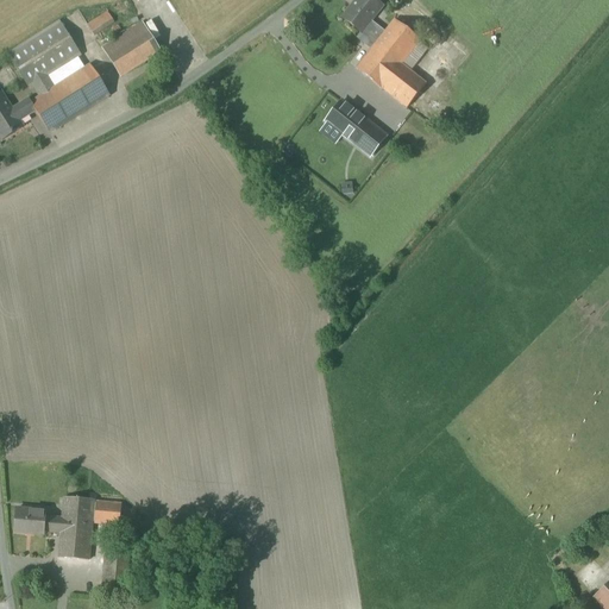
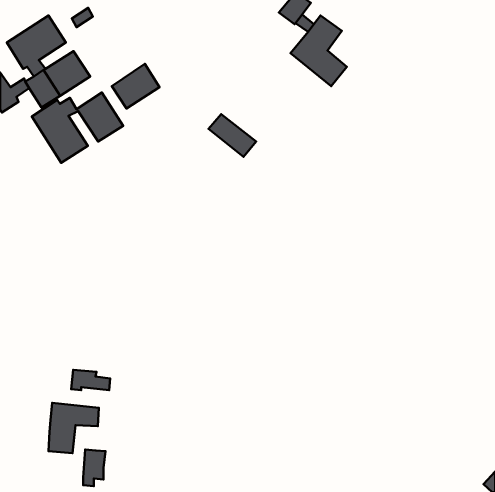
building: [101,21,159,76] -> [112,64,159,108]
building: [326,101,384,153] -> [209,114,256,157]
building: none -> [32,93,123,163]
building: [14,506,62,530] -> [71,370,110,390]

